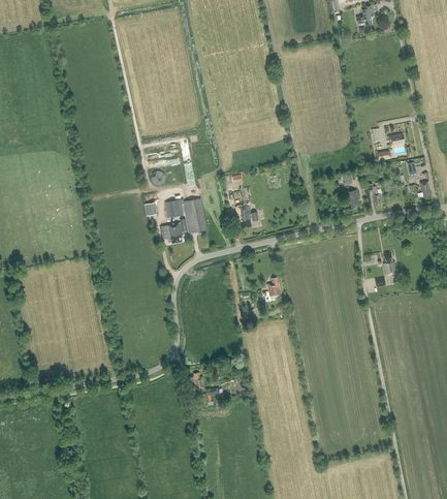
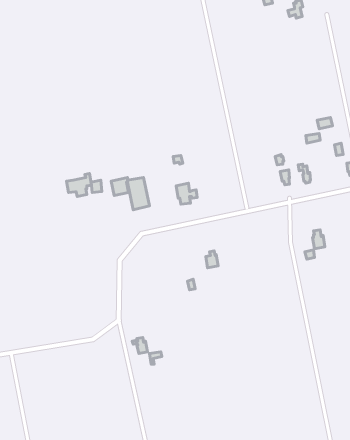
building: [160,218,187,243] -> [67,174,91,196]

